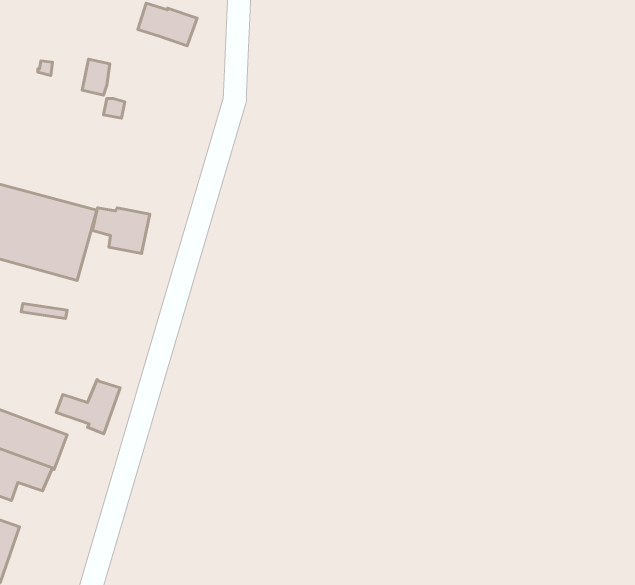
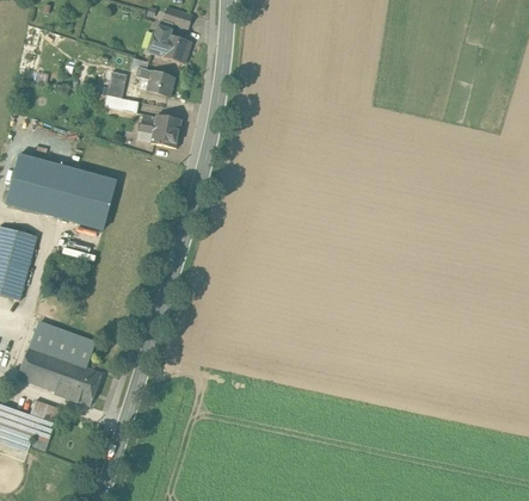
building: none -> [134,64,172,94]
building: [92,208,150,254] -> [137,111,179,144]
building: [56,380,120,434] -> [54,366,100,406]

